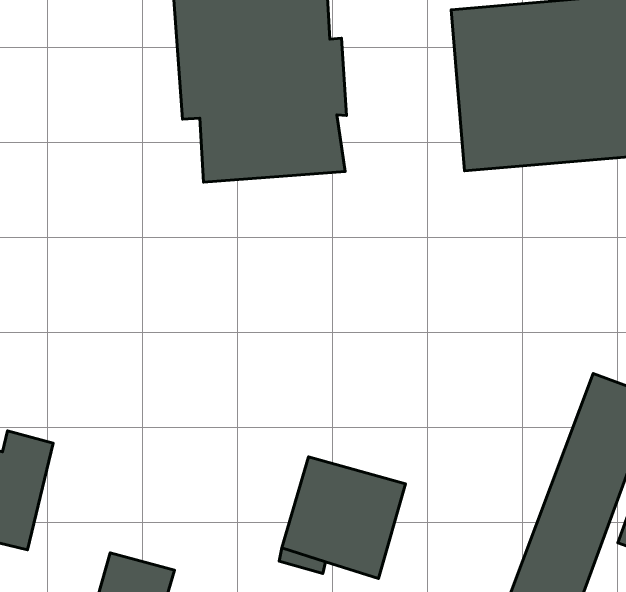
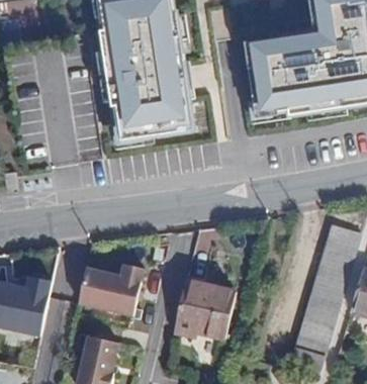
building: none -> [77,261,144,315]

